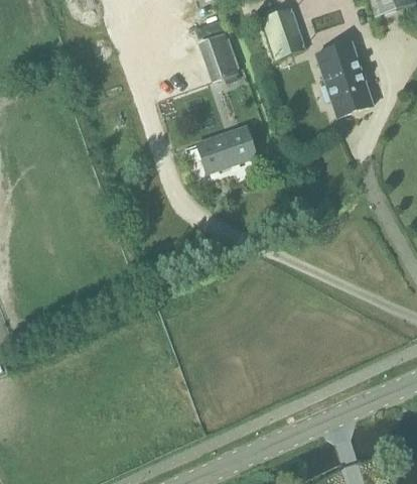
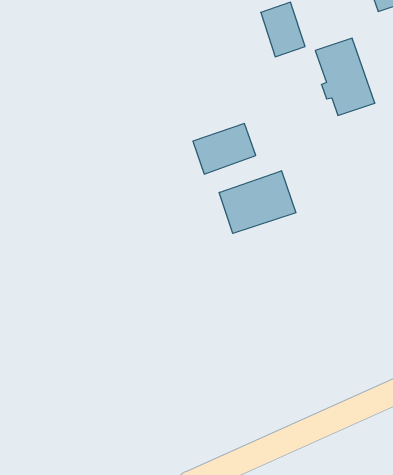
building: [197,32,239,83] -> none
building: none -> [219,171,296,233]

